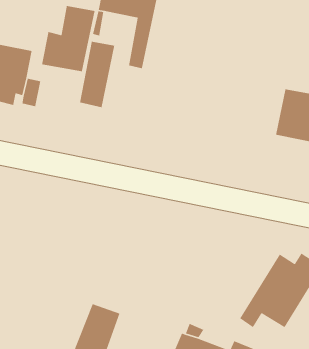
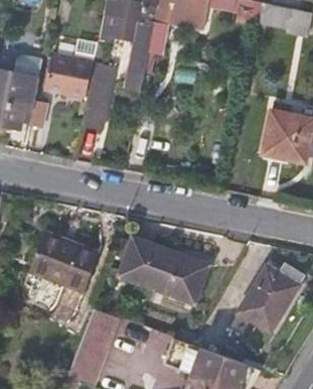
building: none -> [27,237,100,294]
building: none -> [120,238,207,302]

